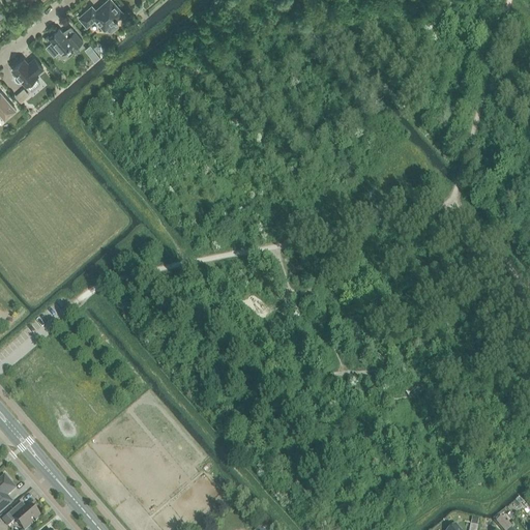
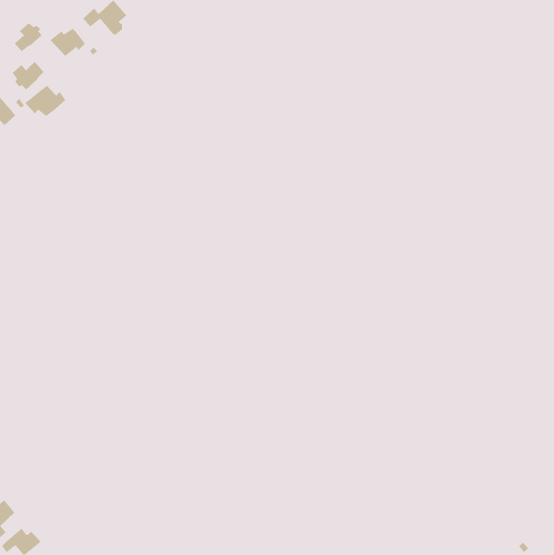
building: none -> [14,22,42,52]
building: none -> [25,85,66,117]

